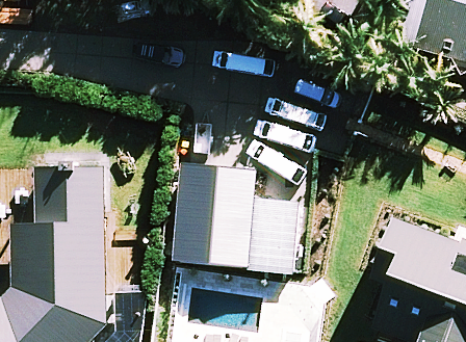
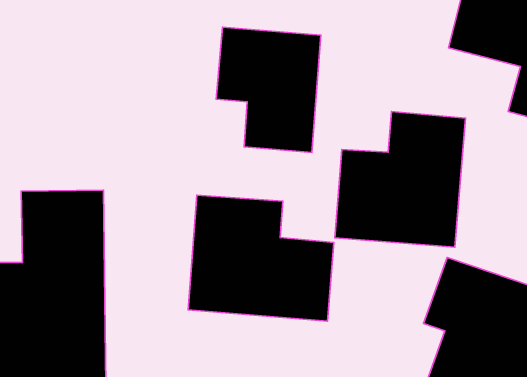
building: none -> [216,27,321,152]
building: none -> [335,112,466,247]

